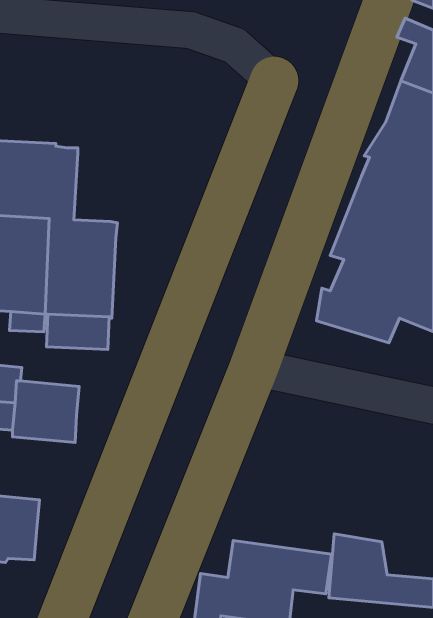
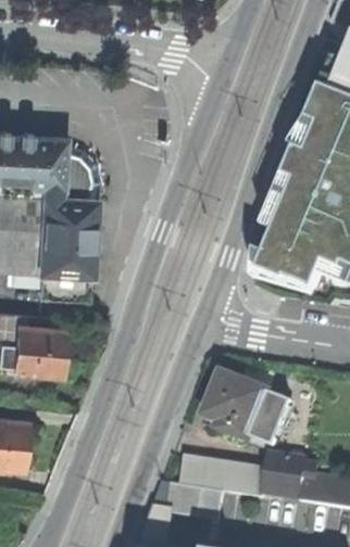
building: none -> [62,144,98,199]
building: none -> [205,369,291,444]

